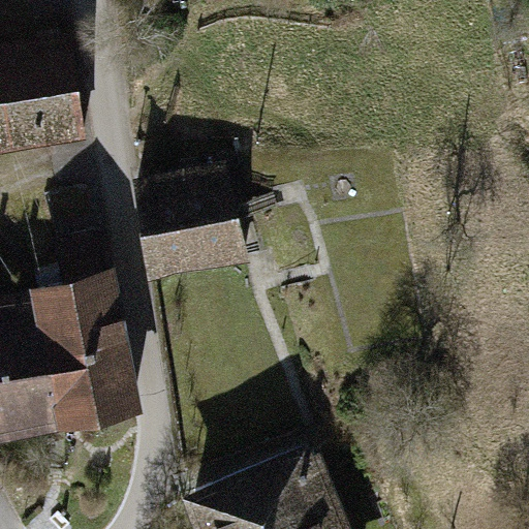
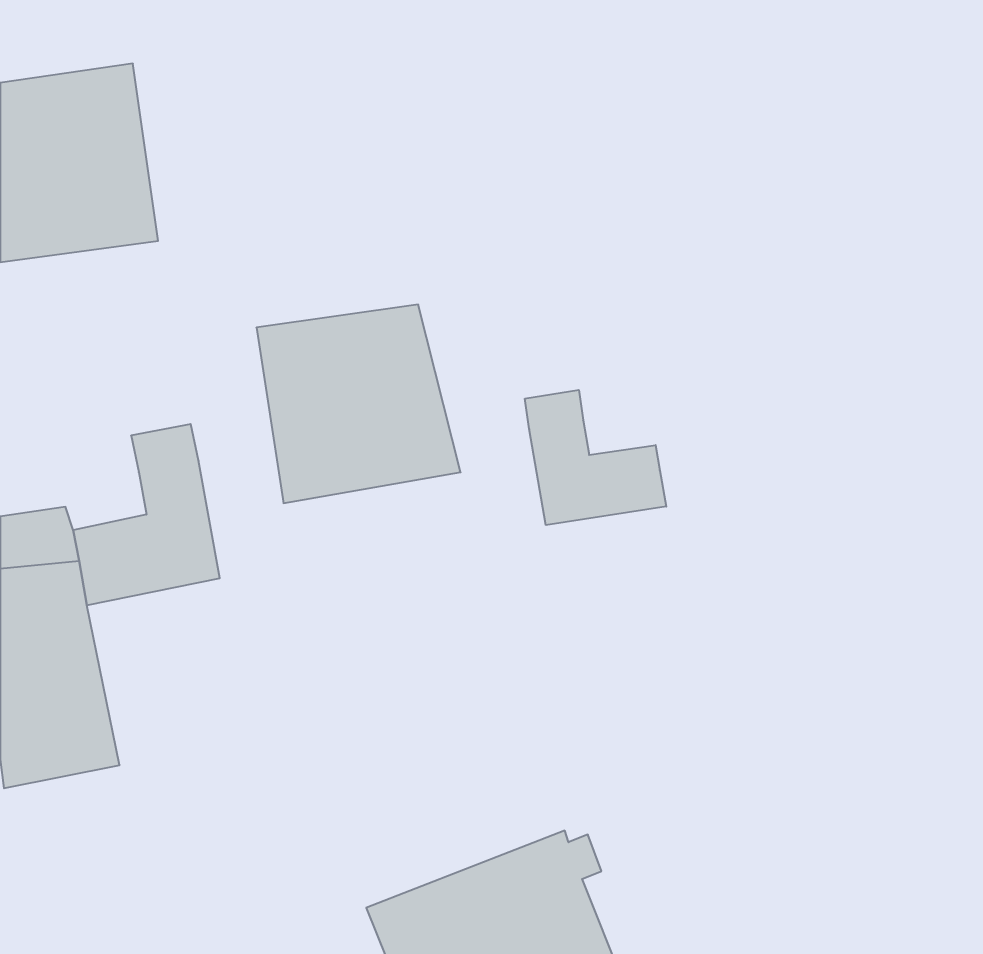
building: none -> [525,390,666,525]
building: [48,326,136,427] -> none

